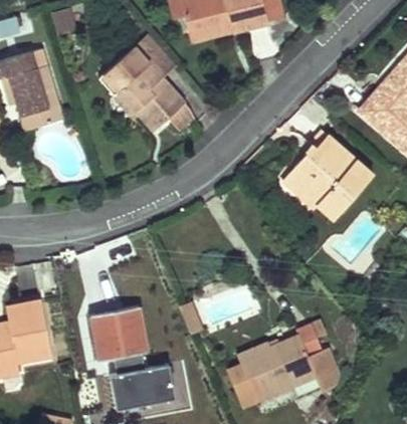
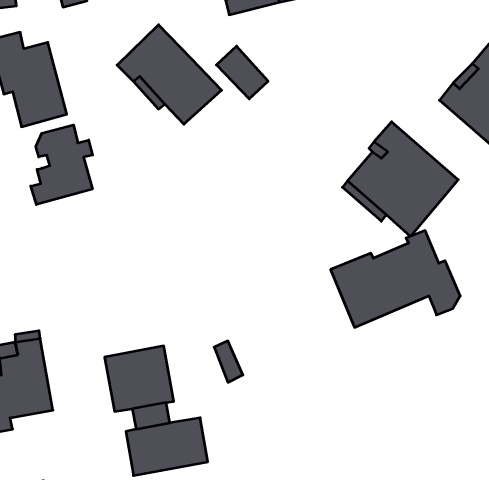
building: [135,35,176,77] -> [216,46,268,99]
building: none -> [31,125,93,205]
building: [236,325,340,402] -> [331,231,460,327]

